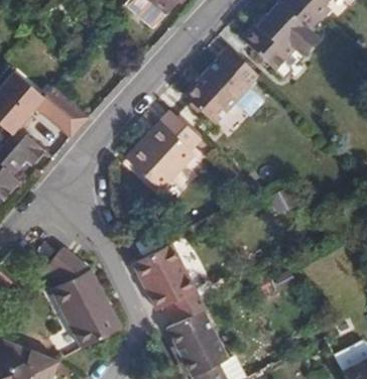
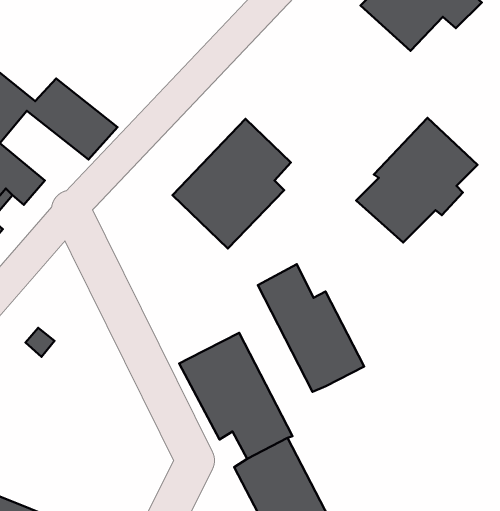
building: [186,45,261,123] -> [356,118,478,243]
building: none -> [258,264,364,392]
building: [44,247,120,349] -> none

